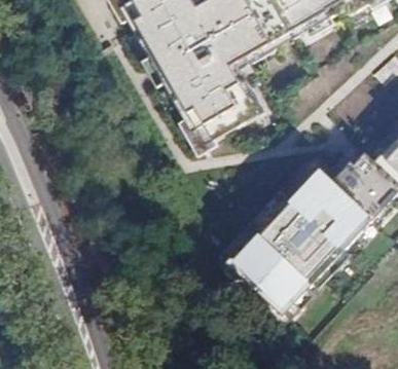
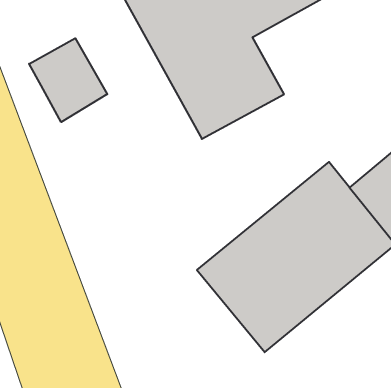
building: none -> [29,38,107,122]

